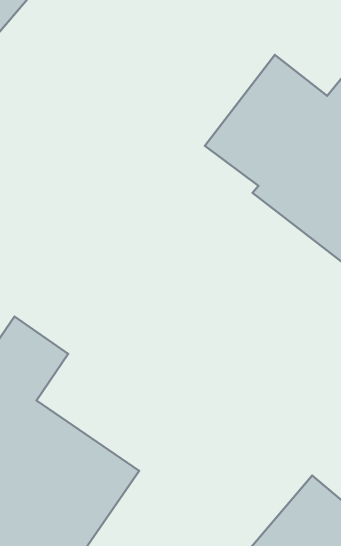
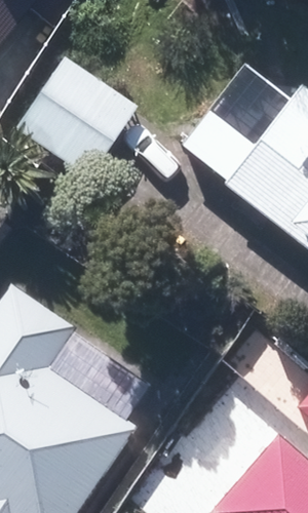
building: none -> [16,54,143,180]

